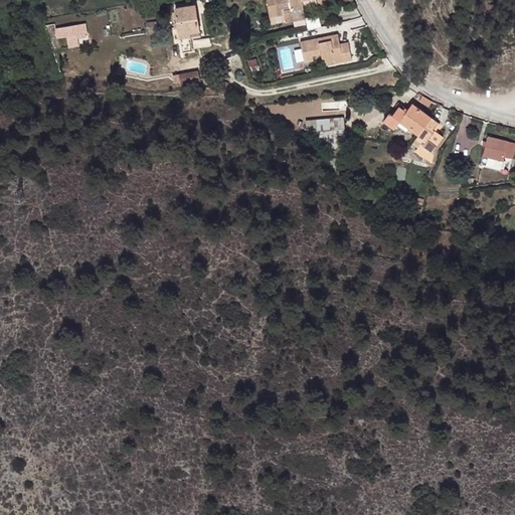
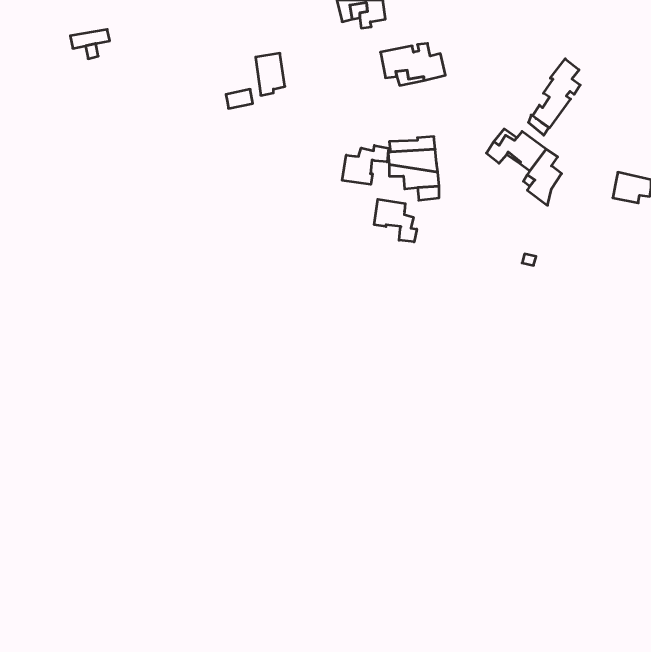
building: [175,5,198,38] -> [256,53,285,95]
building: none -> [533,59,580,128]
building: none -> [342,145,389,184]
building: none -> [374,199,417,242]

